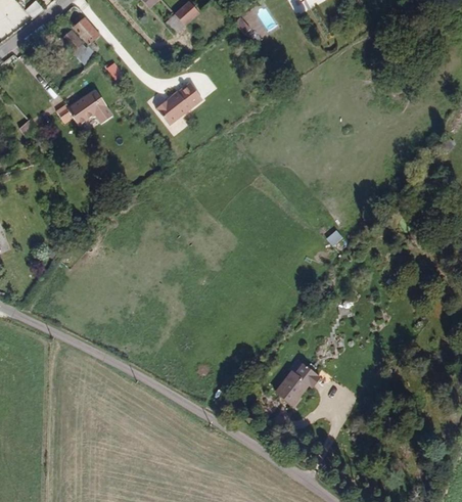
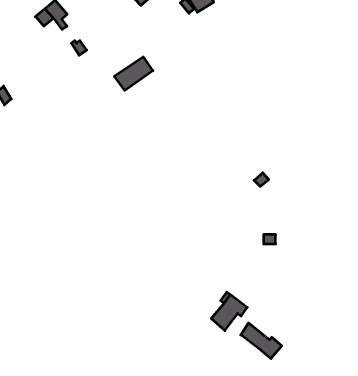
building: [55,88,110,124] -> none
building: none -> [241,323,282,359]

